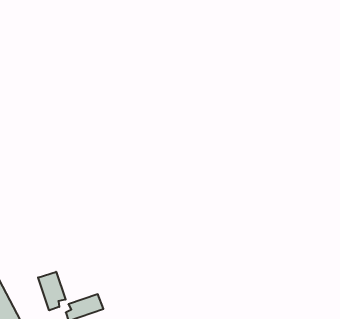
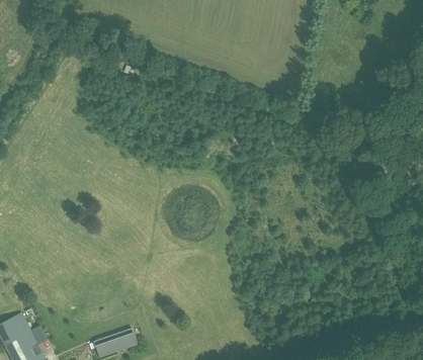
building: [38,272,66,310] -> none

